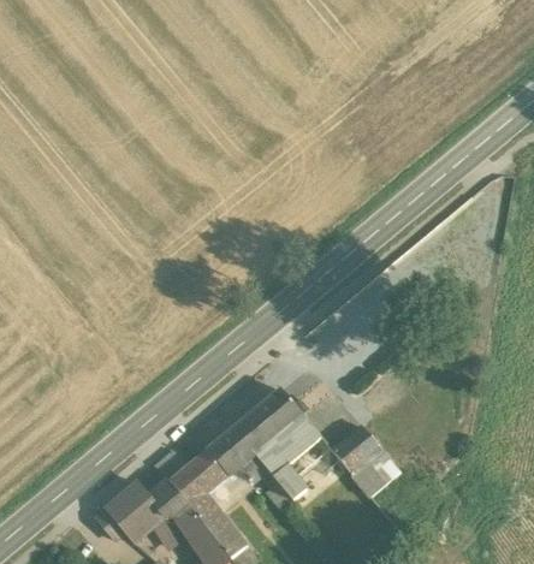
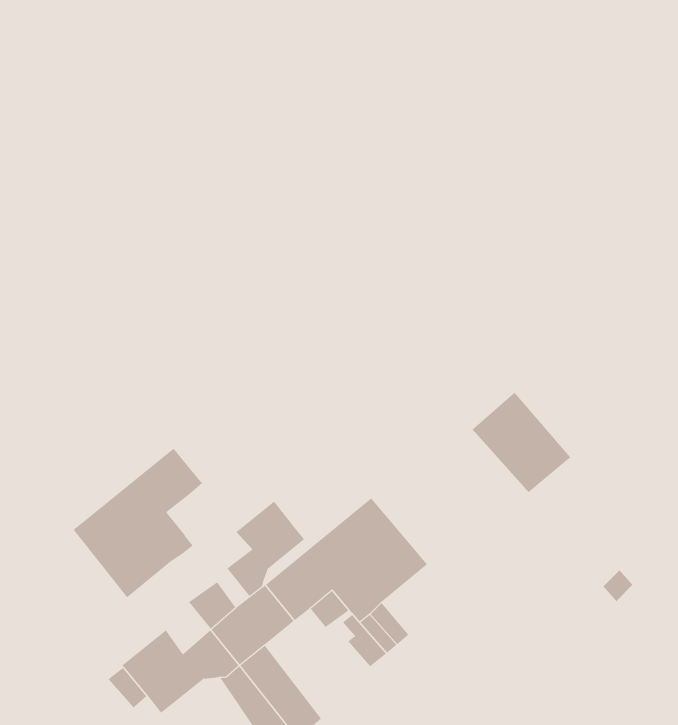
building: none -> [73,448,203,598]
building: none -> [226,501,305,597]
building: [331,425,400,495] -> [472,392,571,493]

